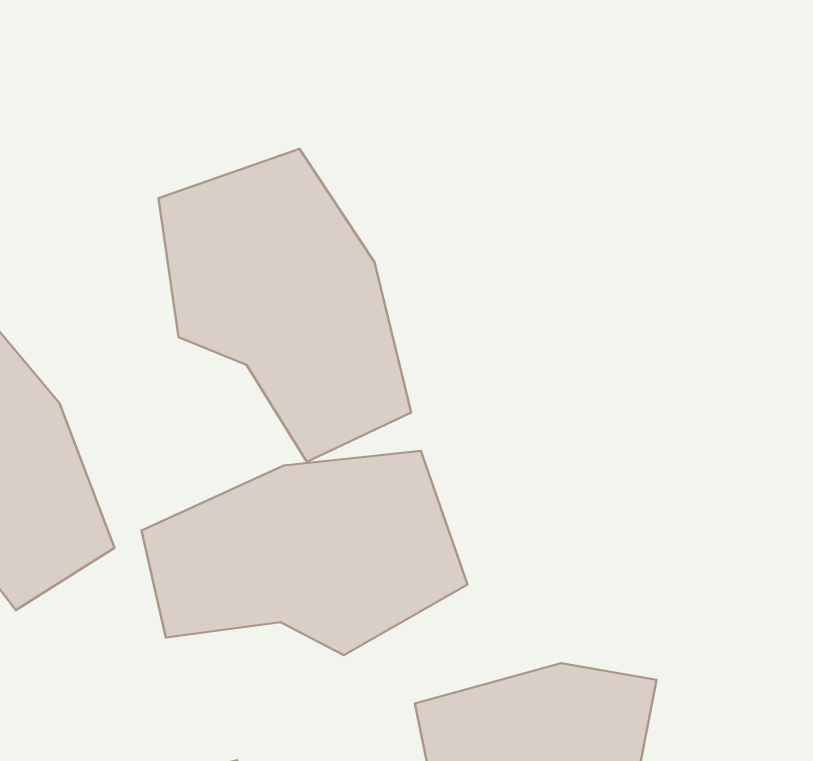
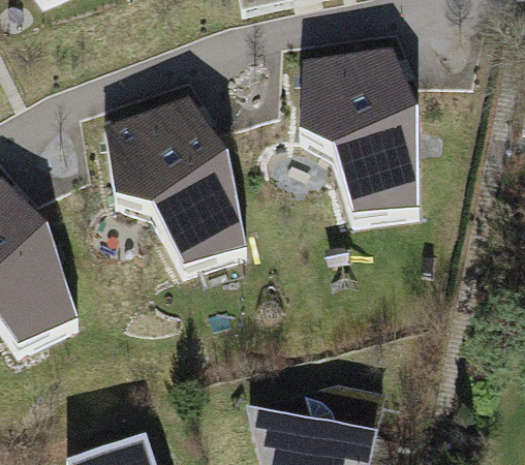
building: none -> [302,46,423,221]
building: [141,451,468,655] -> none

